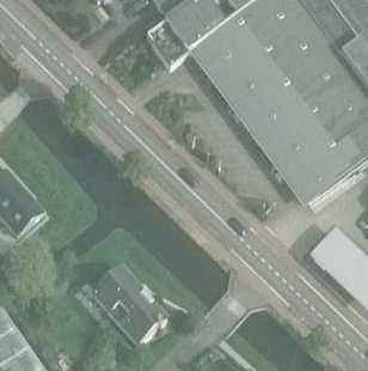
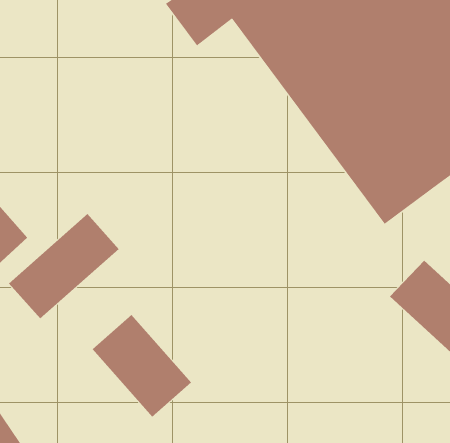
building: none -> [8,213,119,319]

